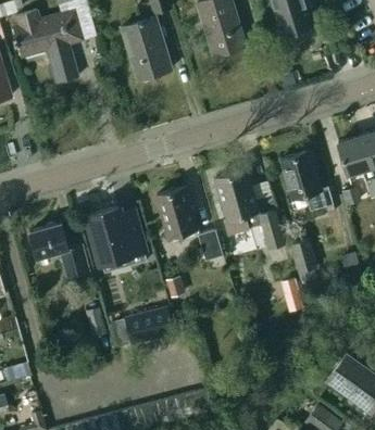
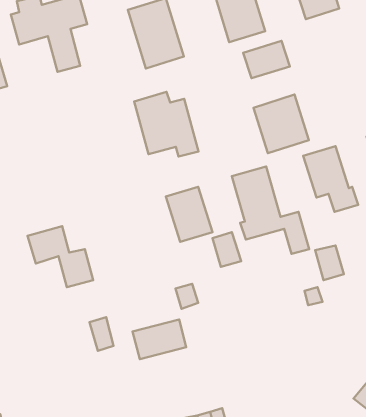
building: none -> [243,41,290,78]
building: none -> [253,95,309,153]
building: [88,207,147,266] -> [134,92,199,156]

